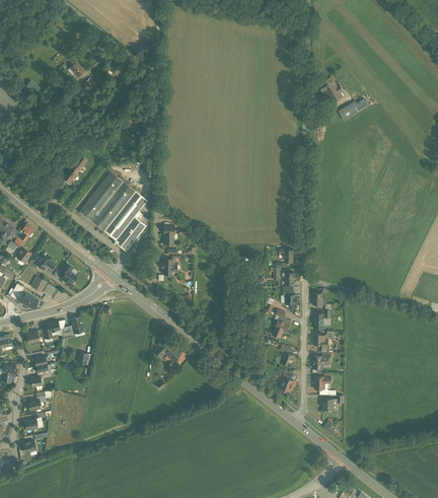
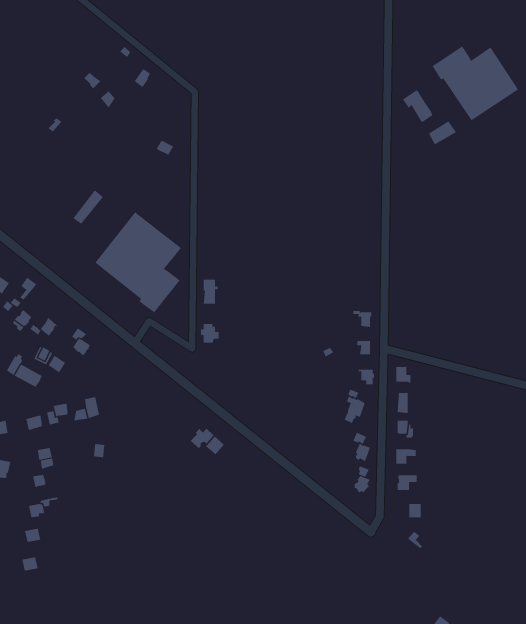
building: none -> [432,45,519,121]

